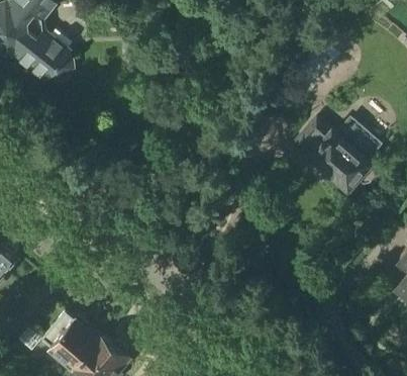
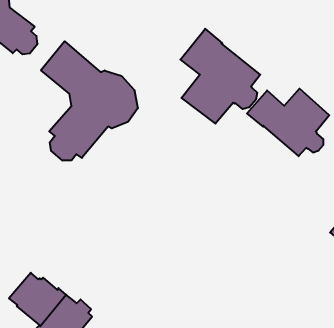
building: none -> [180,29,260,124]
building: none -> [41,41,138,161]

